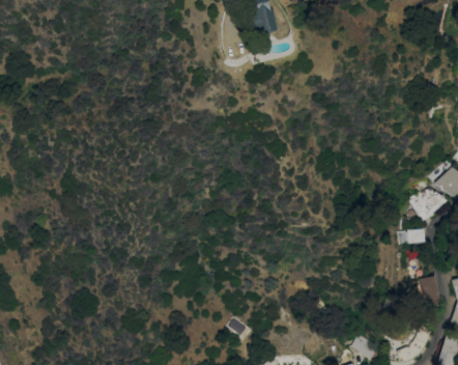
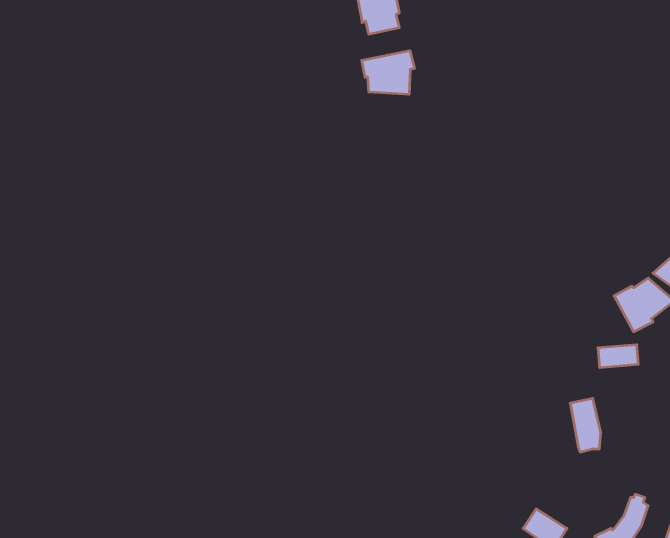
building: none -> [362,51,414,94]
building: [419,276,438,310] -> [570,398,601,452]

